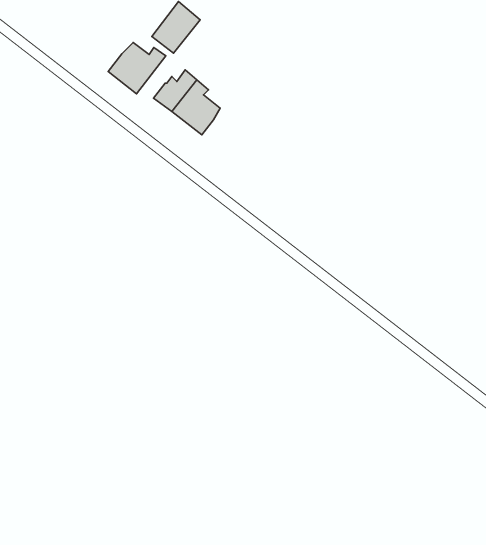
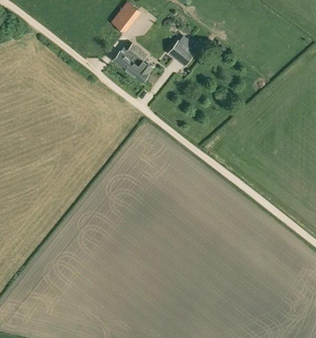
building: [108,42,166,94] -> none
building: none -> [168,38,196,66]

